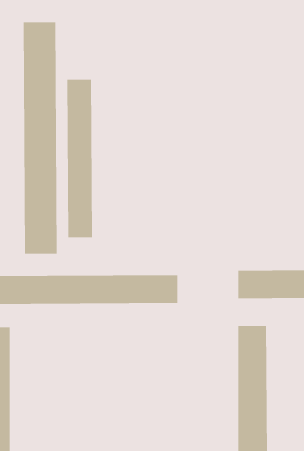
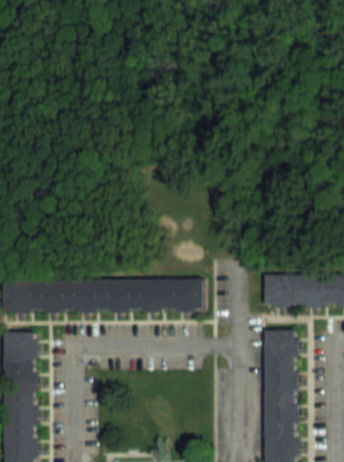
building: [23,21,57,255] -> none
building: [67,79,93,238] -> none

